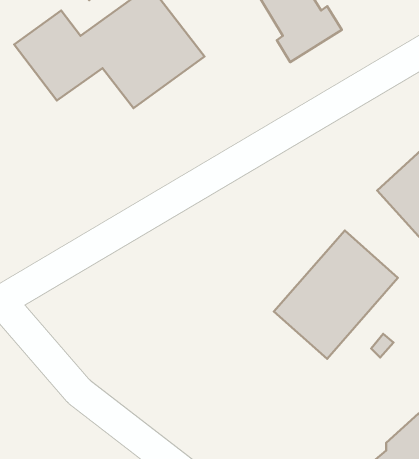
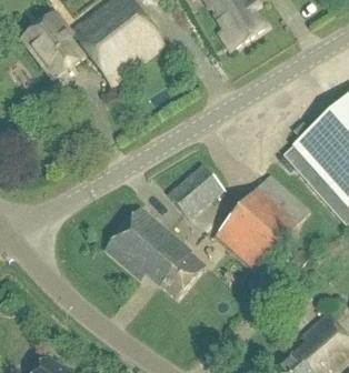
building: none -> [167,164,223,219]
building: none -> [102,208,202,299]

